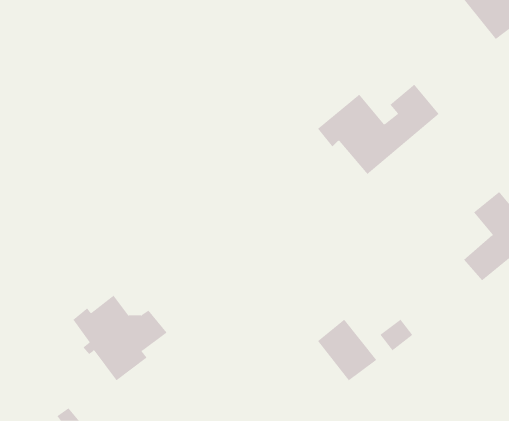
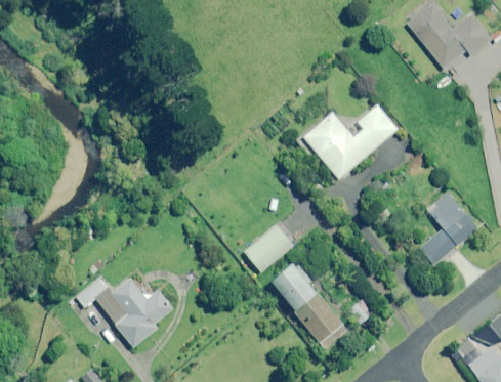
building: none -> [244,224,293,271]
building: none -> [272,264,317,310]
building: none -> [76,277,109,306]

